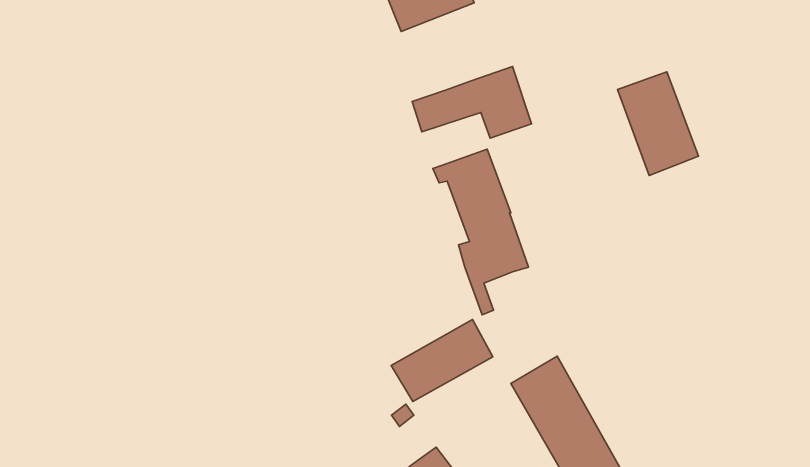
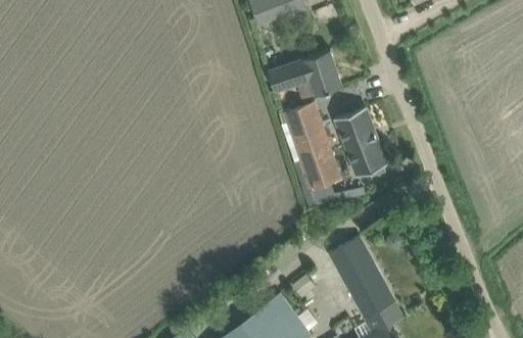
building: [617,72,699,175] -> [334,109,386,176]
building: [391,320,493,401] -> none

